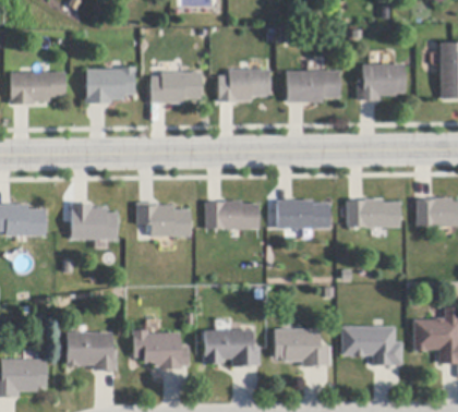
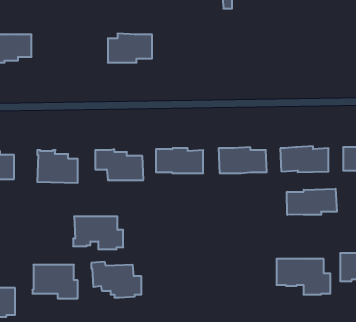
building: [355,63,403,100] -> none
building: [85,66,135,104] -> none
building: [217,69,269,102] -> none
building: [286,70,339,102] -> none
building: none -> [287,189,337,215]
building: [274,329,330,367] -> none
building: [203,330,260,367] -> [73,216,123,249]

